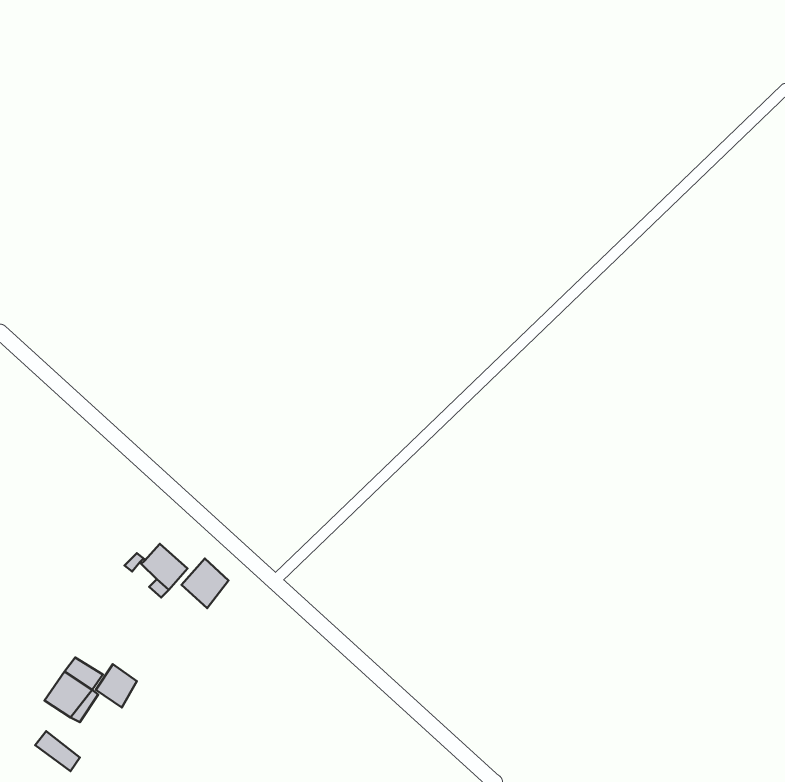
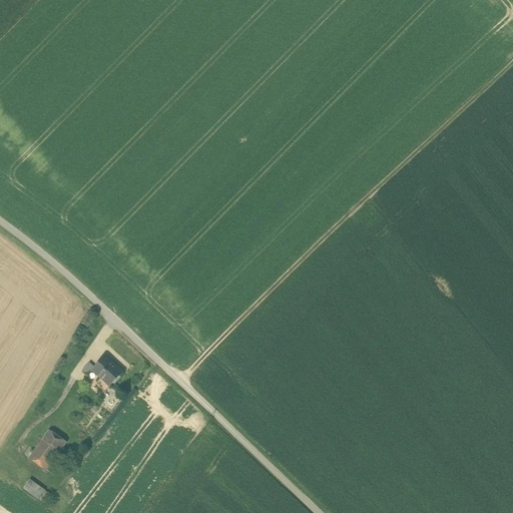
building: [182,559,229,608] -> none
building: [96,664,137,707] -> none

